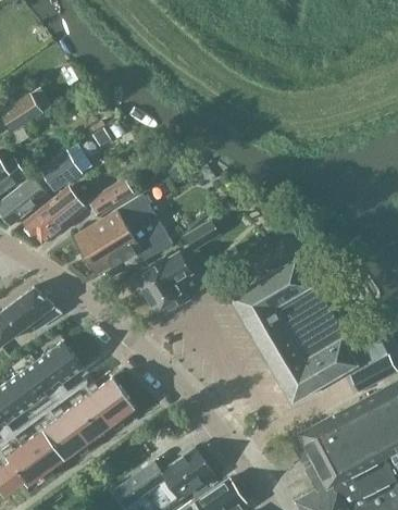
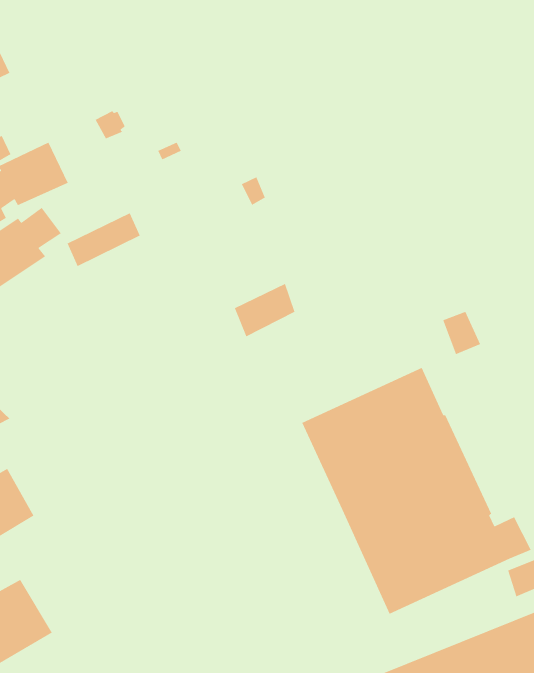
building: [74,195,172,275] -> none
building: [138,252,190,321] -> none
building: [77,378,135,435] -> none

